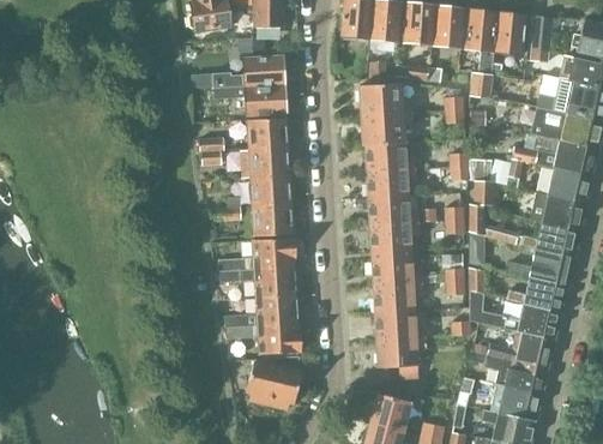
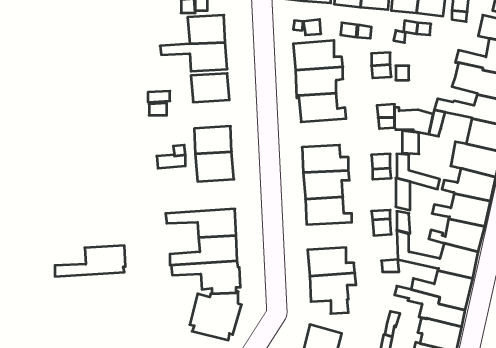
building: [249,146,290,178] -> none
building: [367,167,416,198] -> none
building: [219,236,296,270] -> [55,246,125,276]
building: [373,280,423,310] -> none

